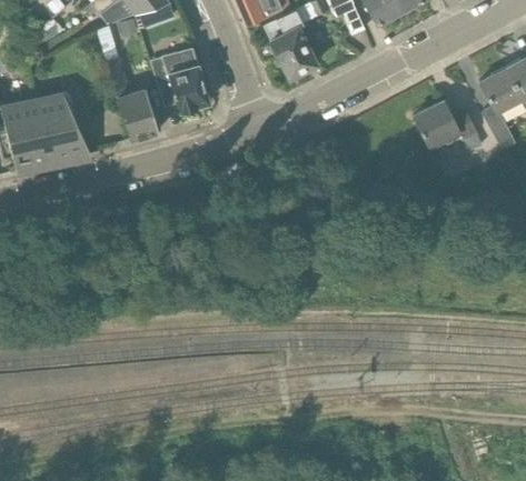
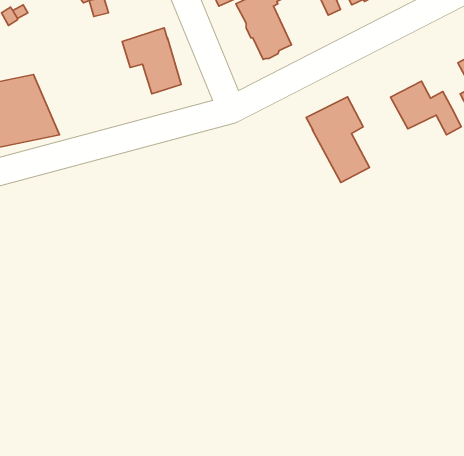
building: [107,58,159,140] -> none
building: none -> [306,97,369,182]

